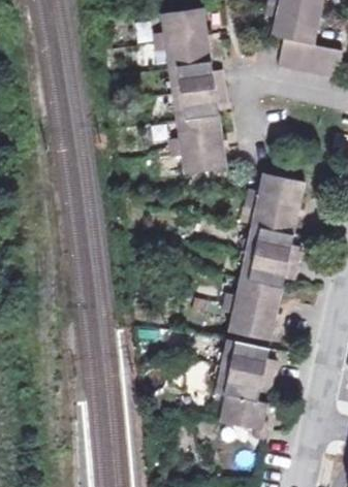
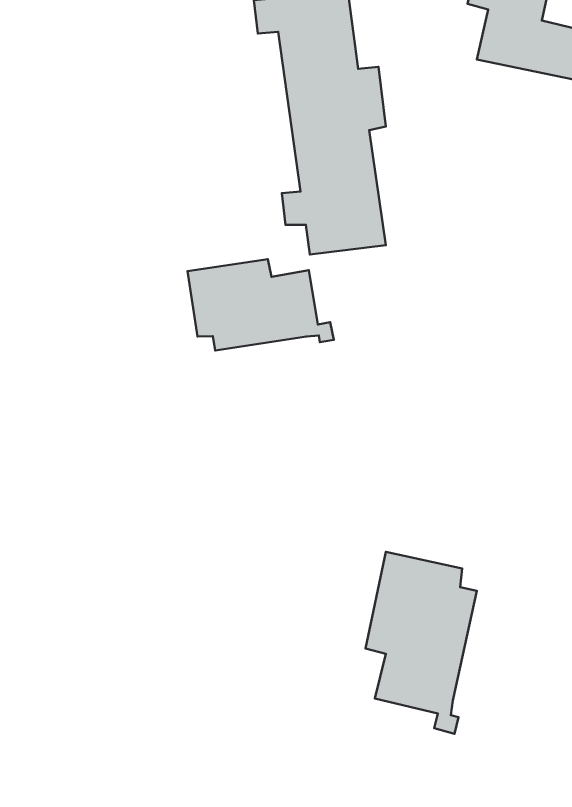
building: [223,173,306,340] -> none
building: none -> [187,259,334,350]

